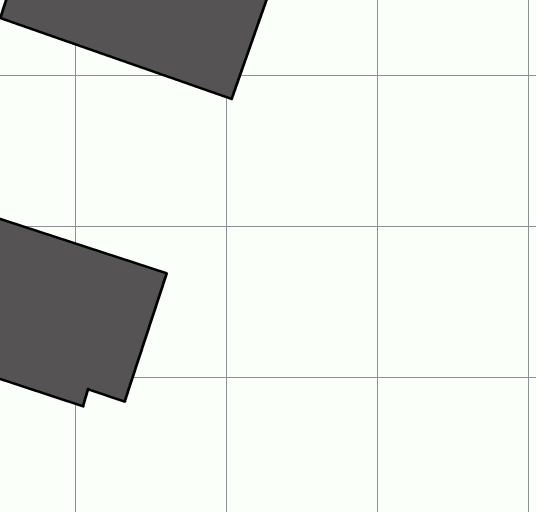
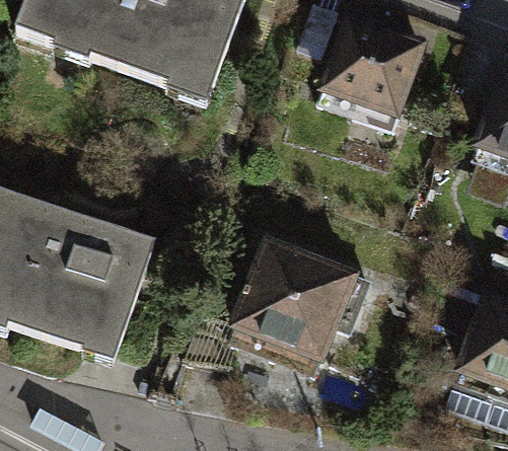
building: none -> [317,22,418,132]
building: none -> [245,219,379,348]

